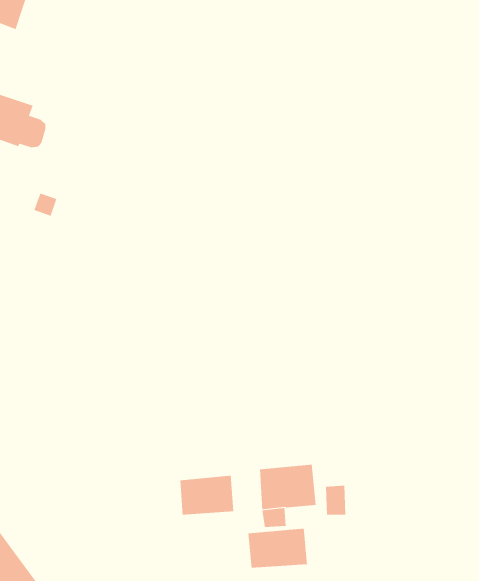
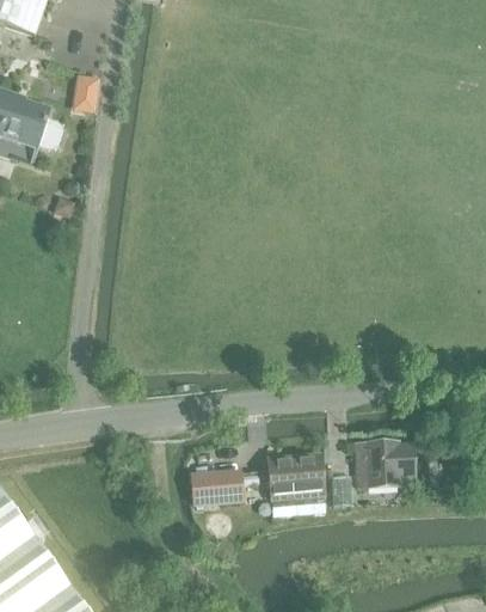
building: none -> [72,72,99,110]
building: none -> [355,441,413,486]
building: [248,528,308,569] -> none

